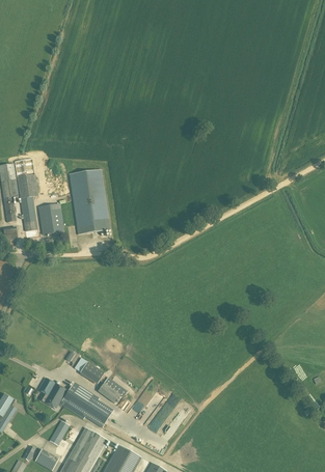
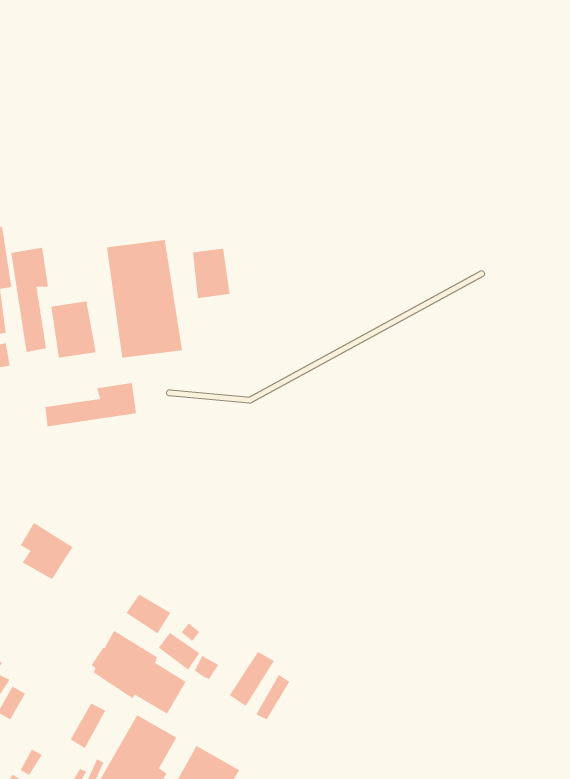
building: none -> [192,248,230,299]
building: none -> [45,382,136,427]
building: [37,378,66,409] -> [20,522,74,580]

